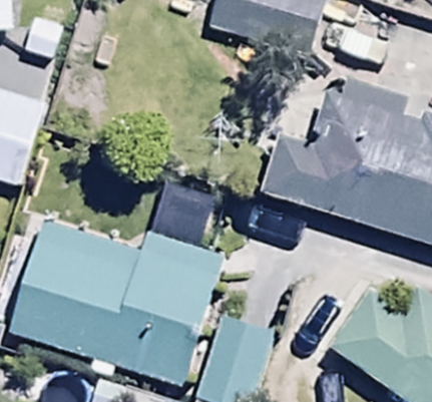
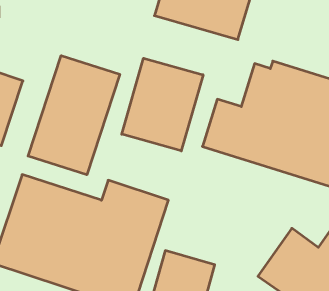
building: none -> [28,56,120,175]
building: none -> [122,58,203,151]

